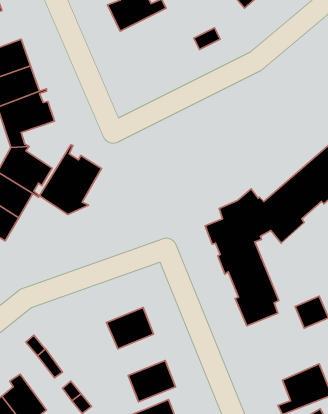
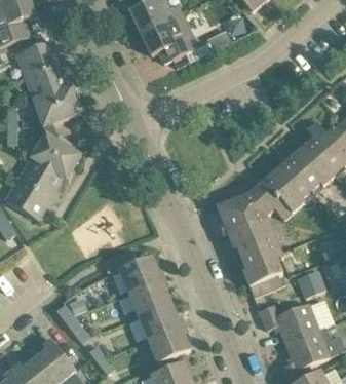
building: none -> [141,12,198,63]
building: [40,145,102,214] -> none
building: none -> [119,256,161,293]
building: none -> [139,303,181,340]
building: none -> [259,303,318,344]

